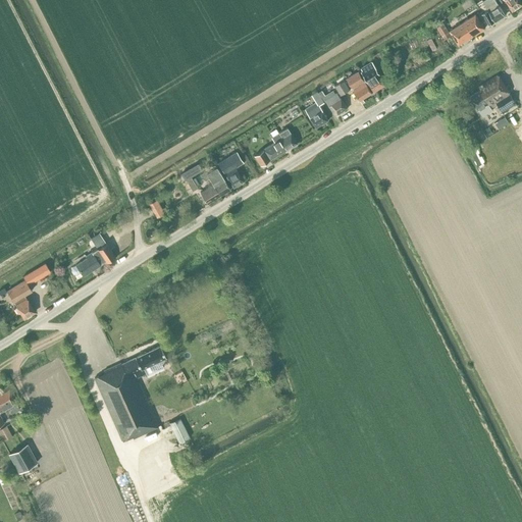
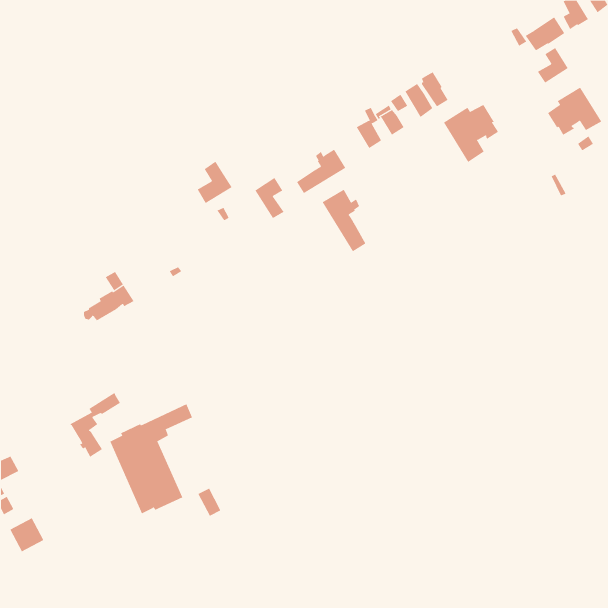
building: none -> [537,47,569,84]
building: none -> [443,104,499,163]
building: none -> [322,189,366,252]
building: [200,167,230,204] -> [197,161,233,204]
building: [6,263,50,319] -> [70,392,121,458]

